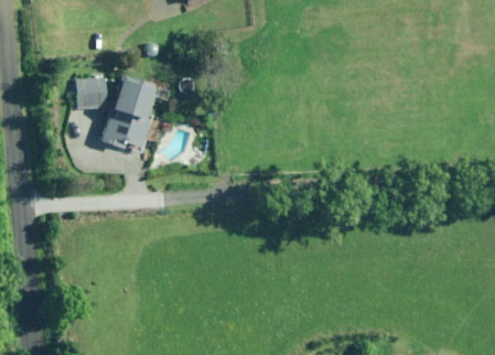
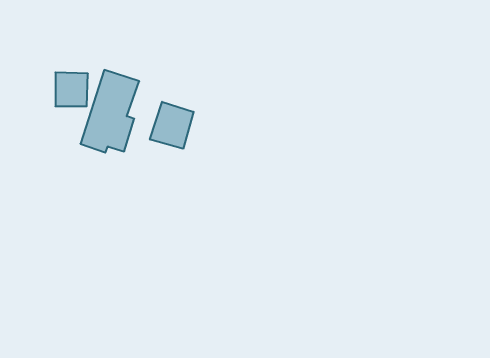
building: none -> [150,102,194,149]

